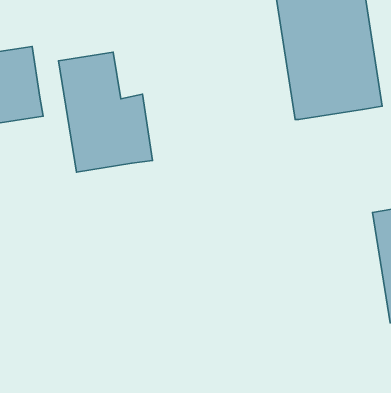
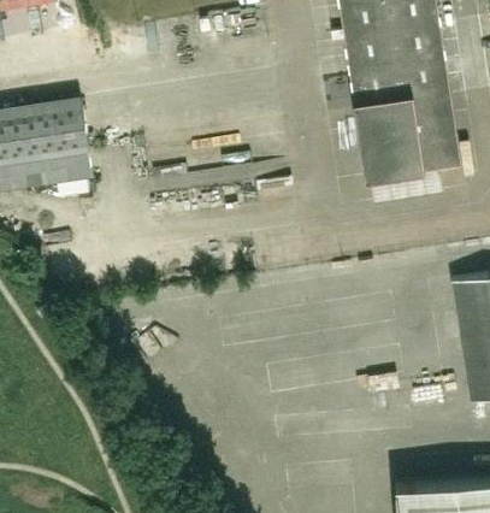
building: [59,52,153,172] -> none

